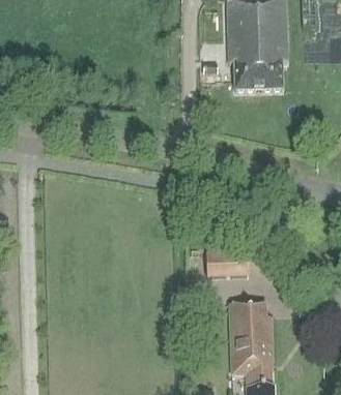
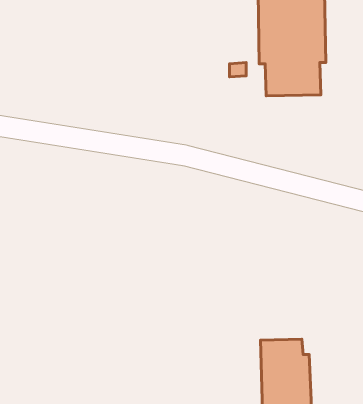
building: [206,250,249,276] -> none

